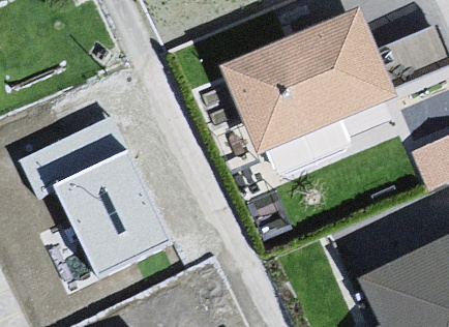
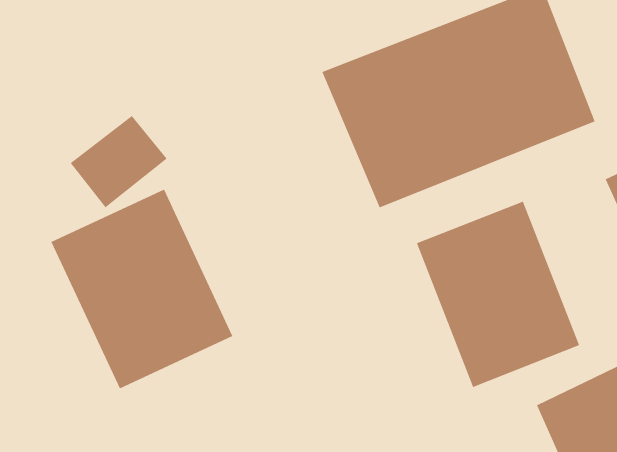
building: none -> [416,201,580,388]

